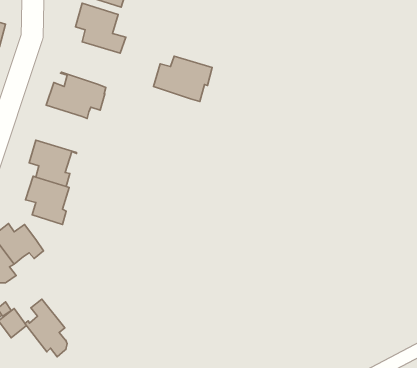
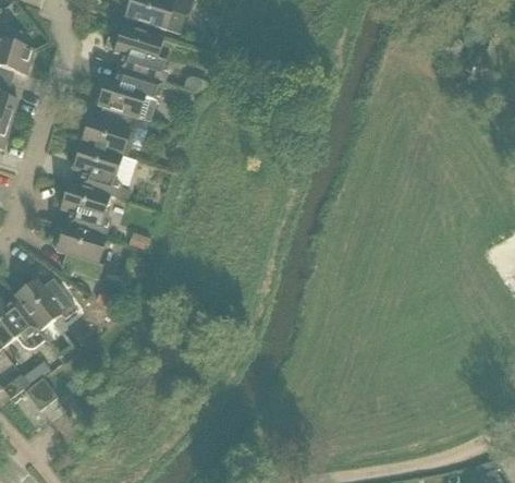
building: [153,56,212,102] -> [97,69,164,121]
building: none -> [68,142,121,196]
building: [25,299,67,357] -> none

